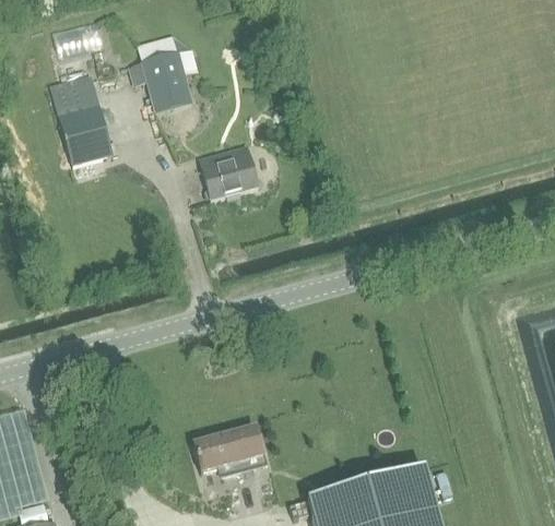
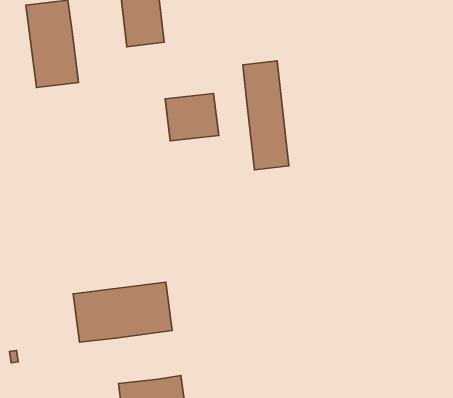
building: none -> [243,61,289,170]
building: none -> [73,282,172,342]

